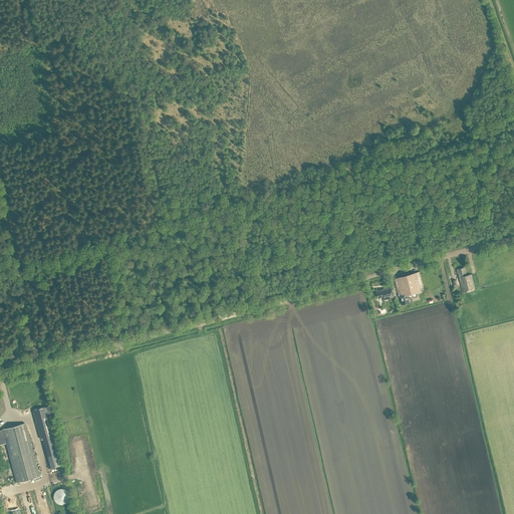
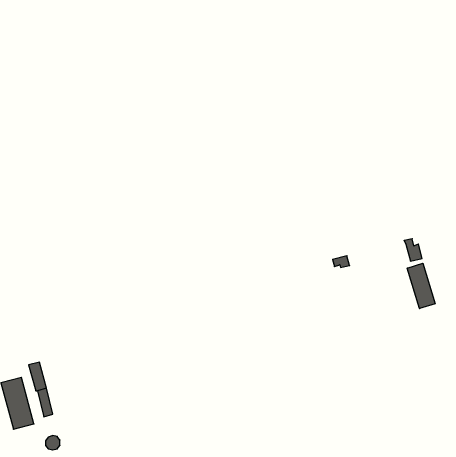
building: [392,272,423,305] -> none
building: none -> [407,263,435,309]

